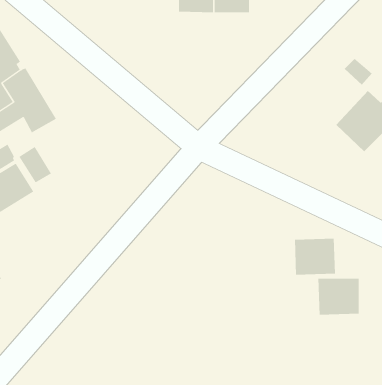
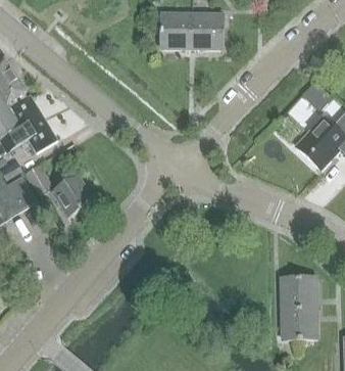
building: none -> [52,175,95,217]
building: [294,238,336,275] -> [282,307,317,338]

